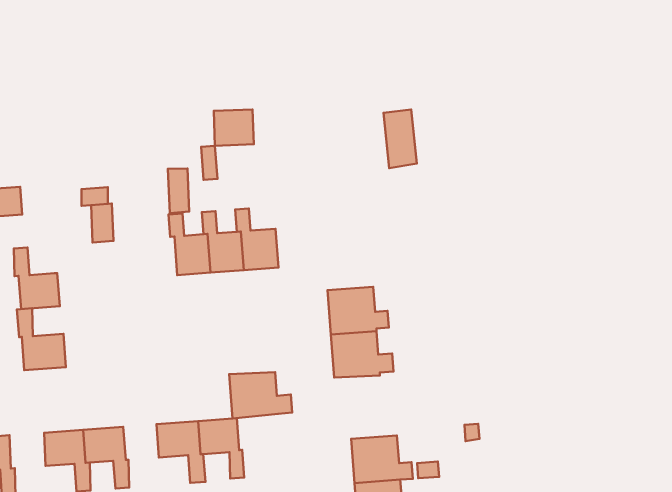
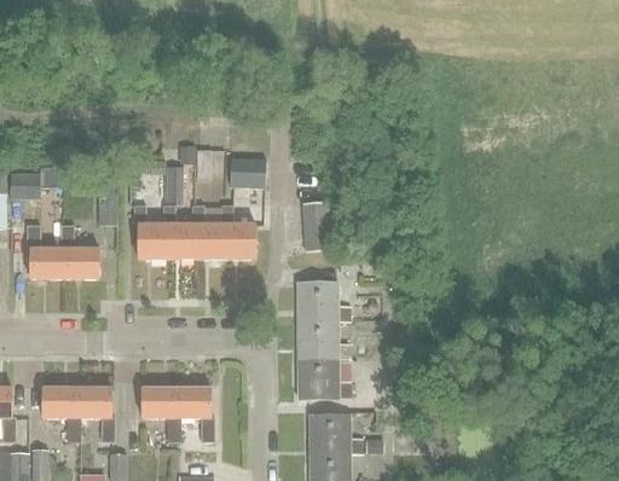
building: [214,109,254,146] -> [231,157,266,189]
building: [384,110,417,168] -> [305,202,330,251]
building: none -> [135,205,168,259]
building: [17,308,66,370] -> [62,225,100,278]
building: [229,372,292,419] -> [297,358,349,396]

